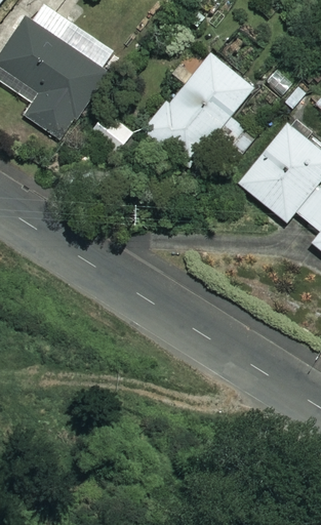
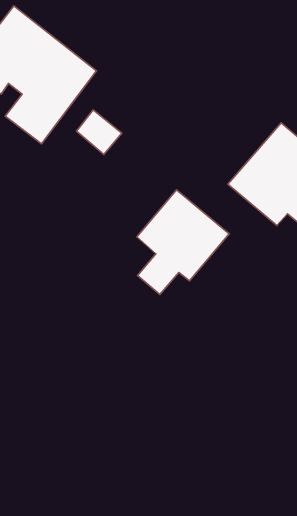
building: [137,46,260,171] -> none
building: none -> [137,190,229,294]

